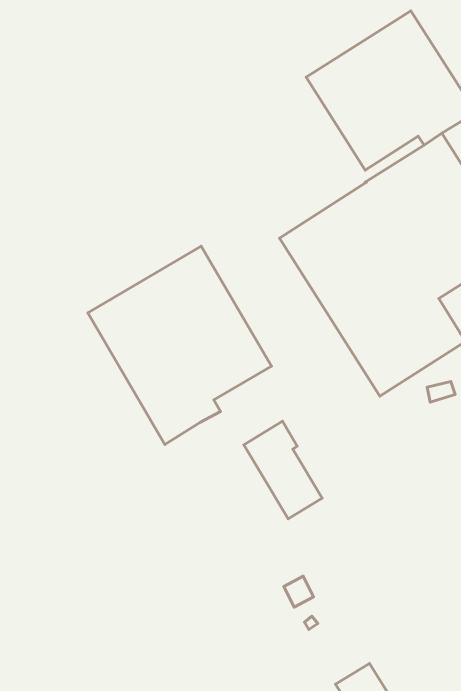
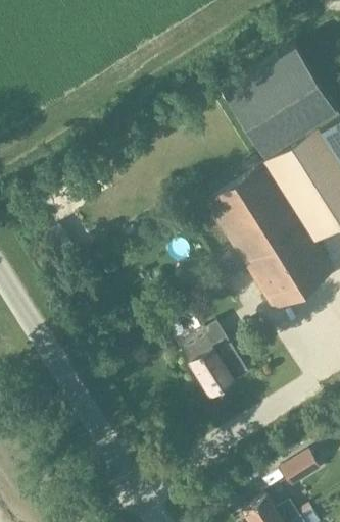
building: [88,246,271,444] -> none
building: none -> [283,452,322,486]

